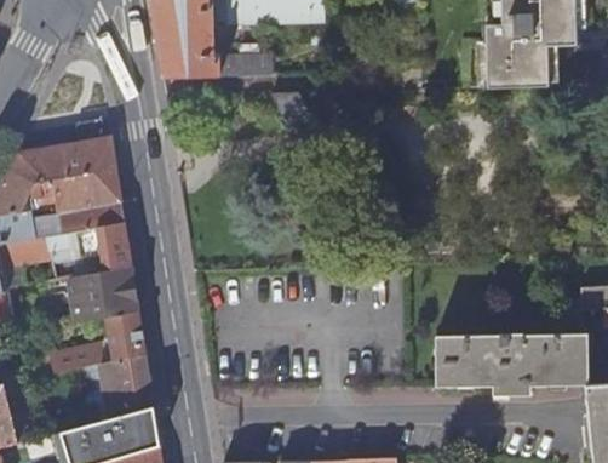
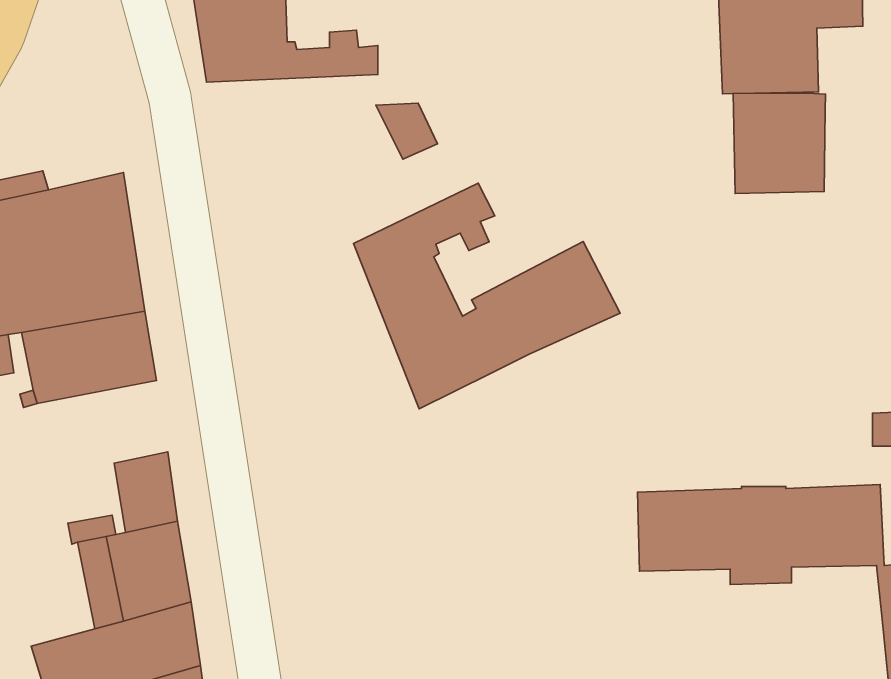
building: none -> [733,93,826,193]
building: none -> [353,183,620,409]
building: [69,267,139,324] -> none

